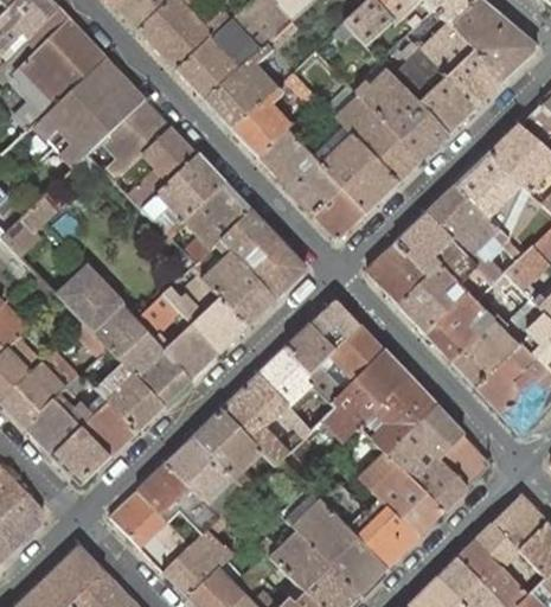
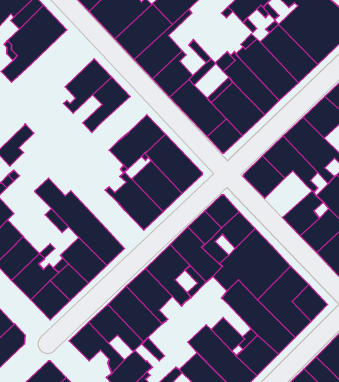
building: [32,56,146,167] -> none
building: [142,154,224,234] -> none
building: [398,264,468,333] -> none
building: [135,293,219,379] -> none

